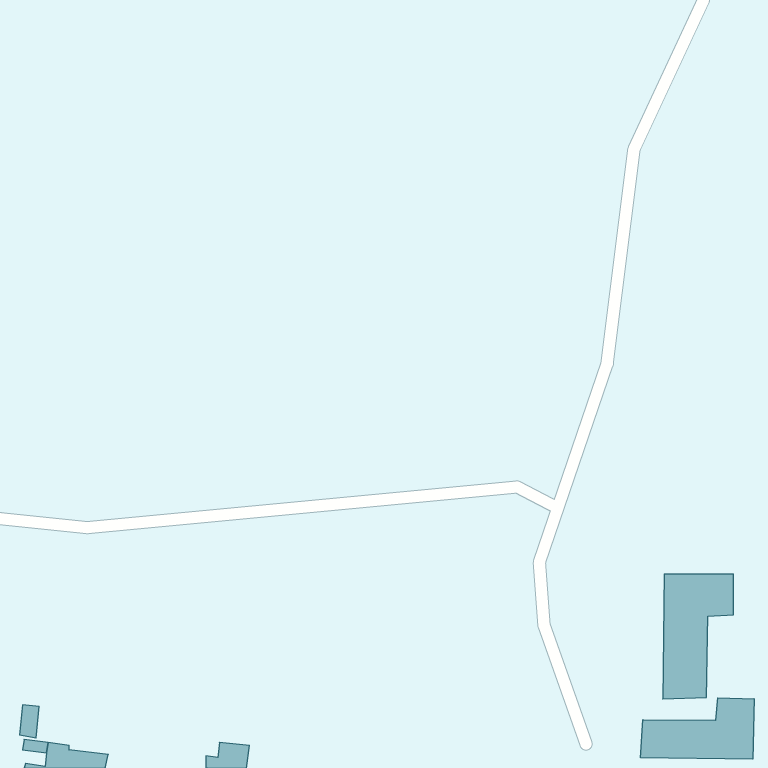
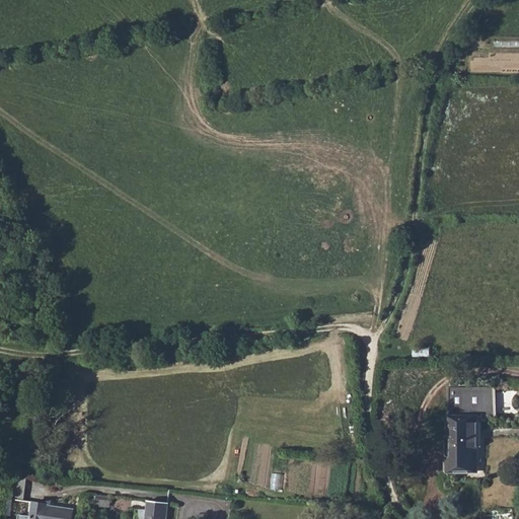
building: [641,698,754,759] -> none

